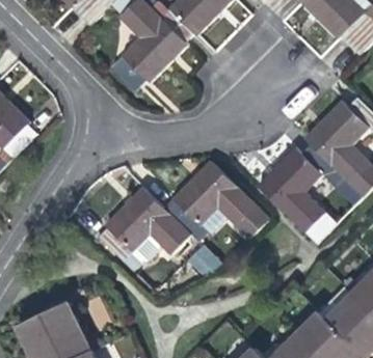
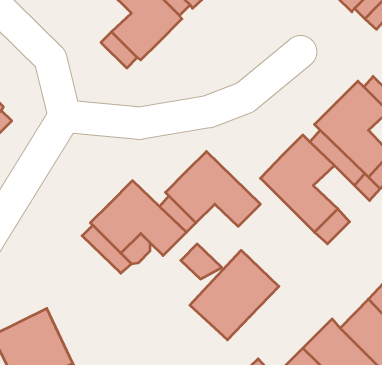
building: none -> [190,250,279,340]

